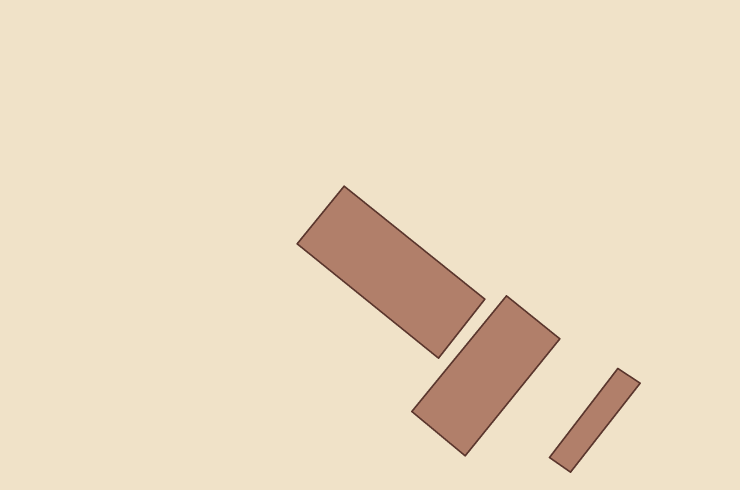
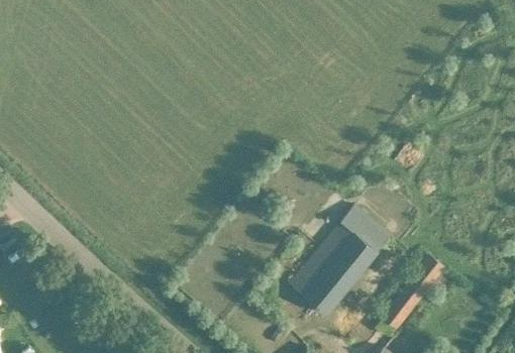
building: [297,186,485,358] -> none

